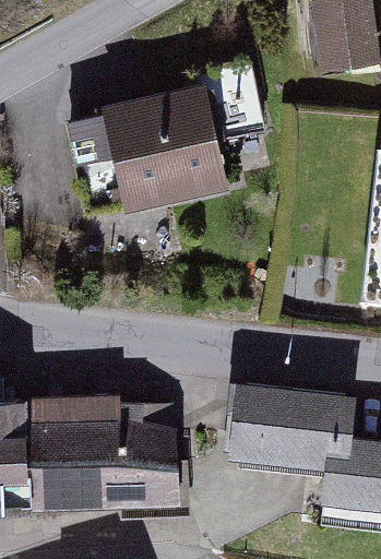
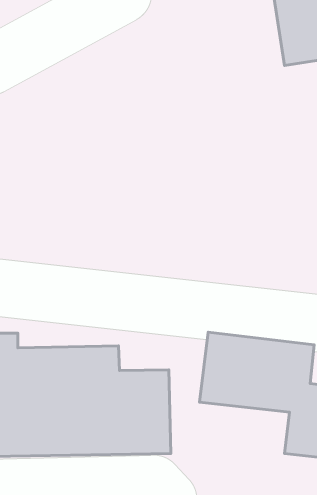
building: [100,86,245,215] -> none

